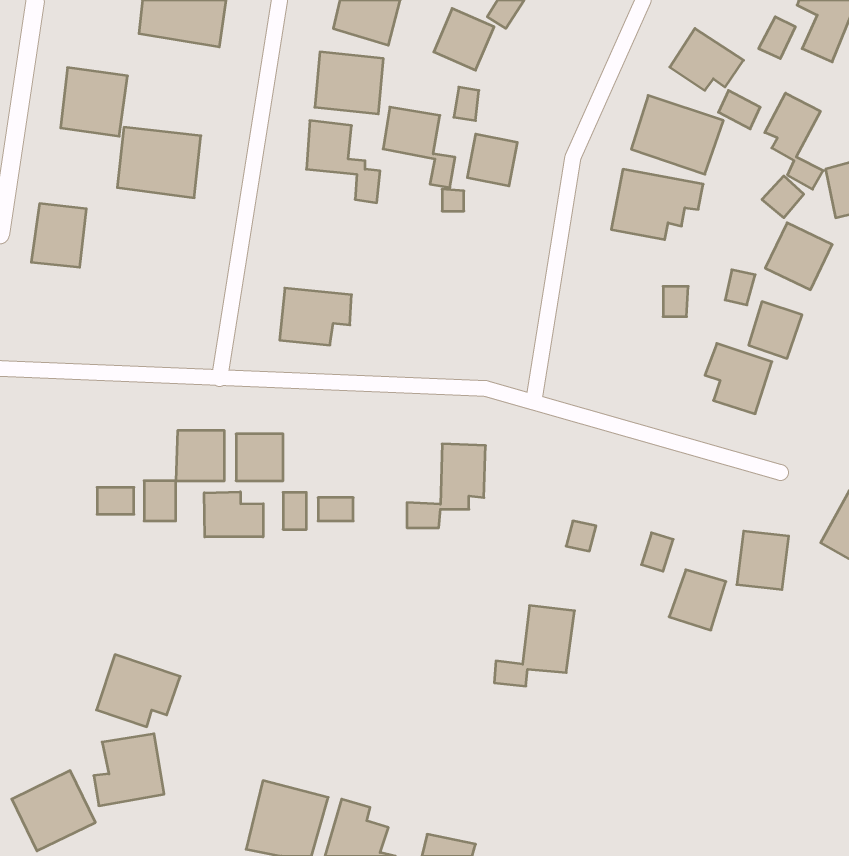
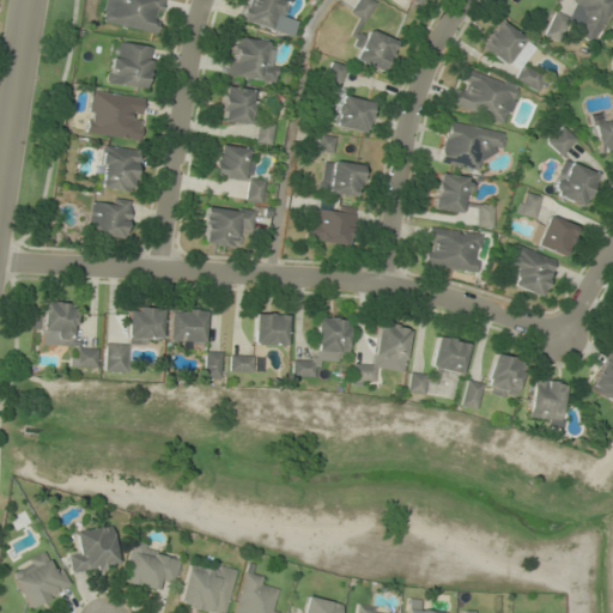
building: [434,8,494,70] -> [356,28,399,72]
building: [61,68,128,136] -> [110,41,158,90]
building: [765,93,823,189] -> none
building: [383,107,455,187] -> [216,145,267,202]
building: [31,204,86,267] -> [102,146,141,192]
building: none -> [324,160,364,196]
building: none -> [436,172,474,214]
building: none -> [92,199,131,237]
building: none -> [309,204,358,245]
building: none -> [426,226,485,273]
building: none -> [47,303,79,345]
building: none -> [257,315,290,346]
building: none -> [432,336,472,375]
building: [204,492,263,537] -> none
building: [669,570,726,630] -> [487,354,528,397]
building: [494,606,575,686] -> [356,324,413,382]
building: [96,655,180,727] -> [125,541,184,593]

